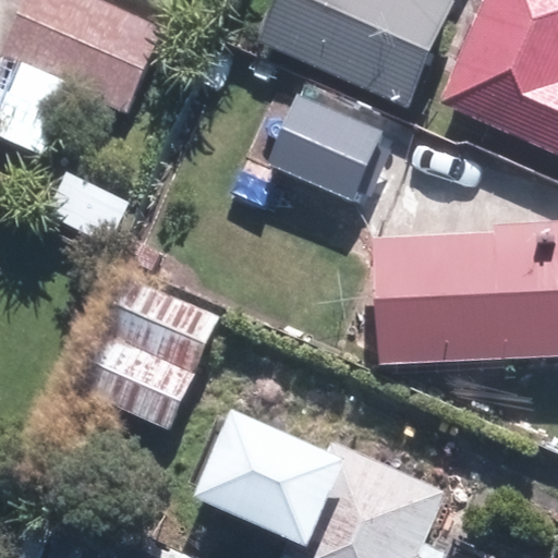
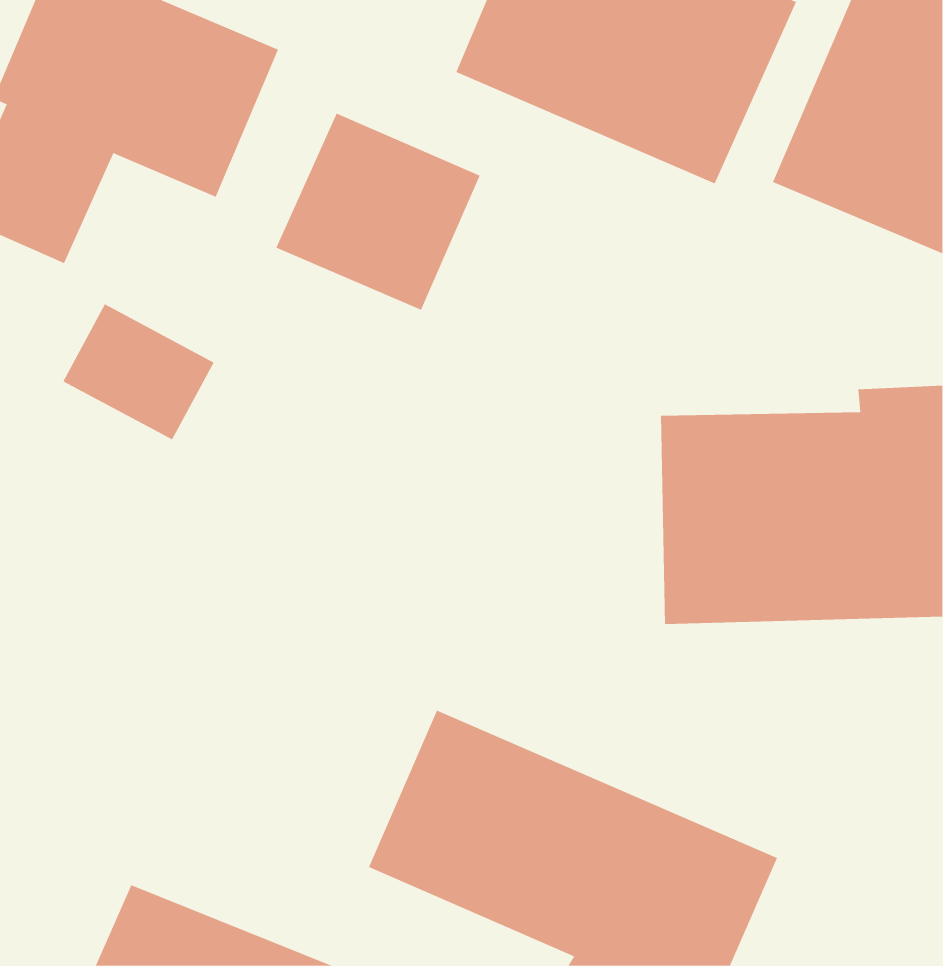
building: [263,89,380,203] -> [275,113,480,310]
building: [80,276,222,434] -> none

